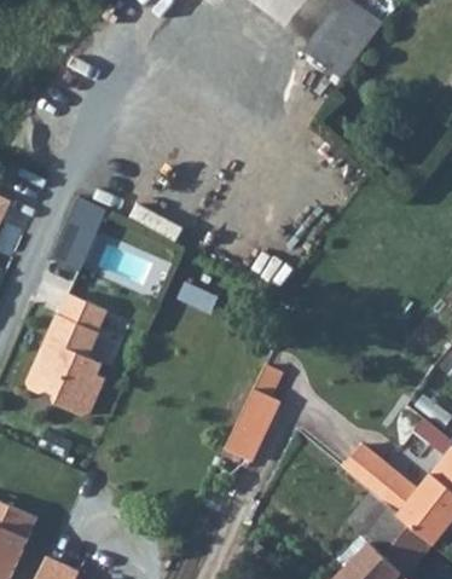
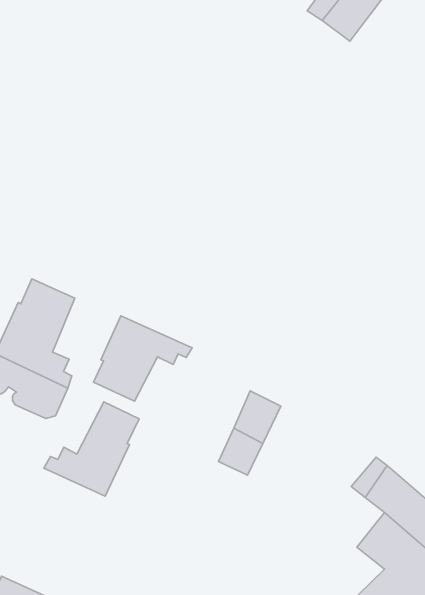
building: [54,196,111,272] -> none
building: none -> [93,316,192,401]
building: none -> [44,402,139,496]

